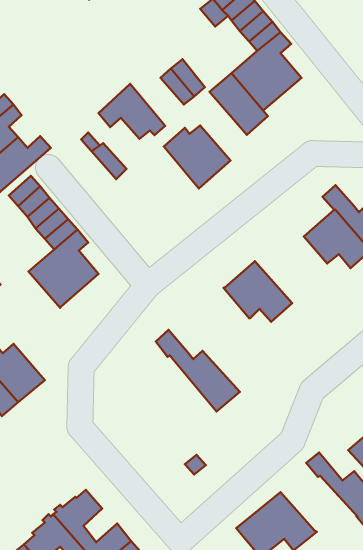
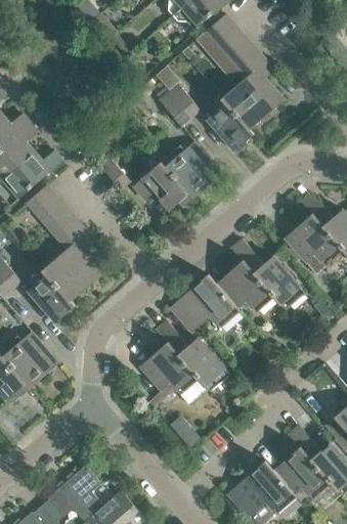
building: [99,84,165,139] -> [134,160,192,208]
building: none -> [231,241,304,309]
building: none -> [24,269,75,321]
building: none -> [170,275,238,332]
building: none -> [138,343,198,396]
building: none -> [271,448,332,500]

